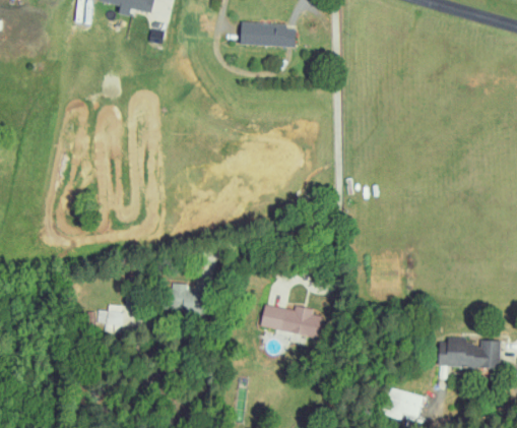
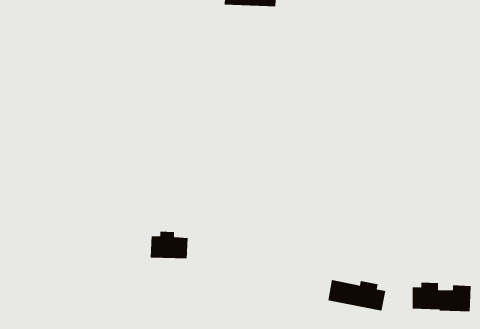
building: [98,304,123,329] -> none
building: [260,304,322,338] -> [327,279,386,311]

